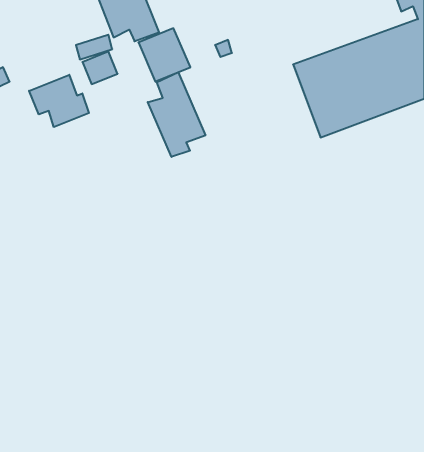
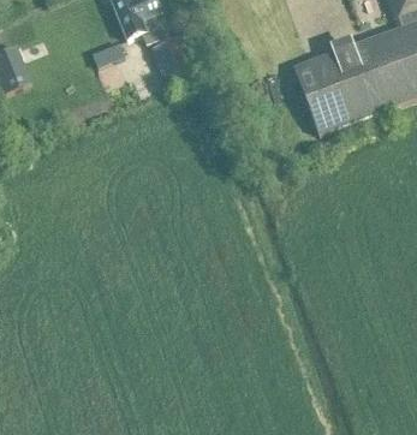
building: [148,72,205,157] -> none
building: [29,75,89,127] -> none

